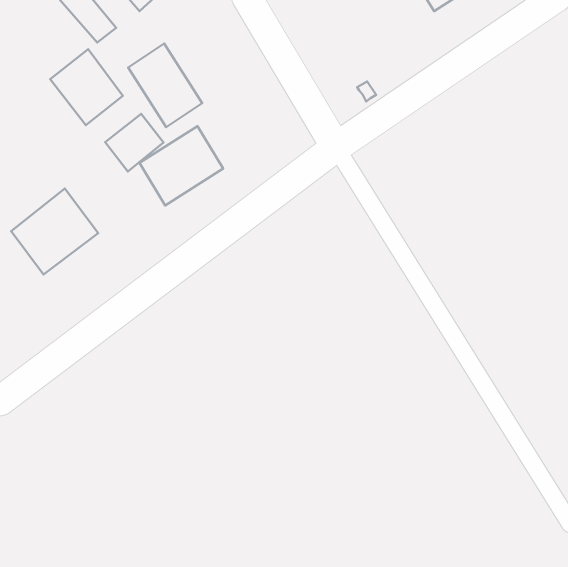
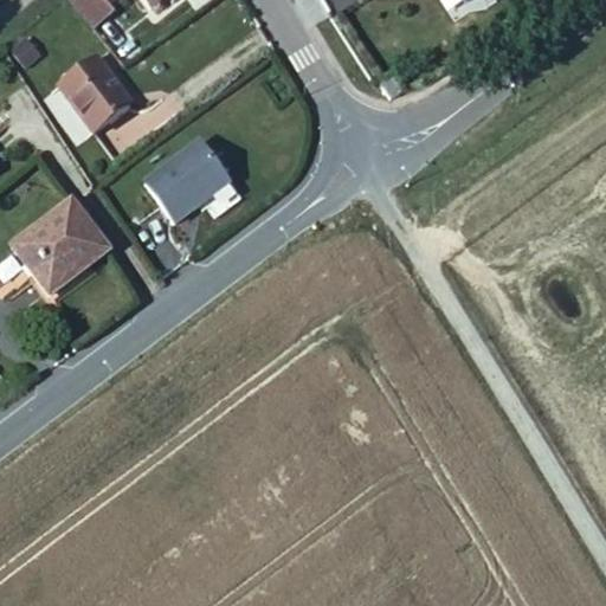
building: [128,43,202,127] -> none
building: [105,114,163,172] -> none

